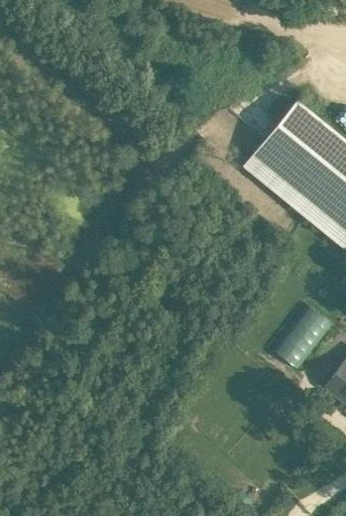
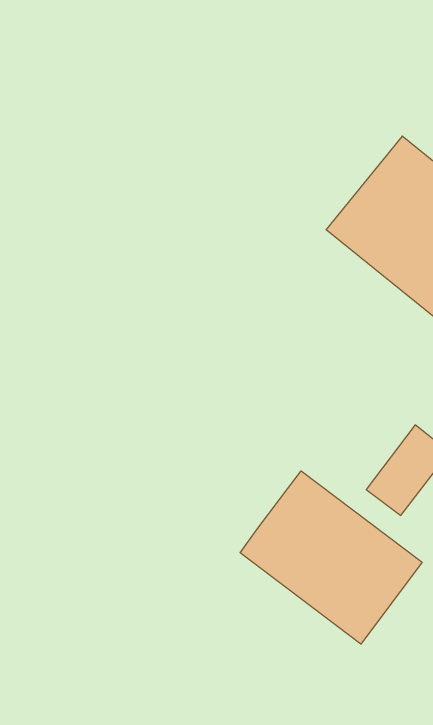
building: none -> [240,471,422,644]

